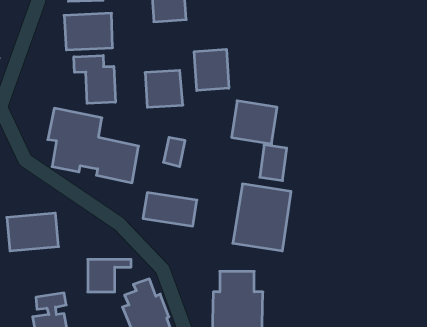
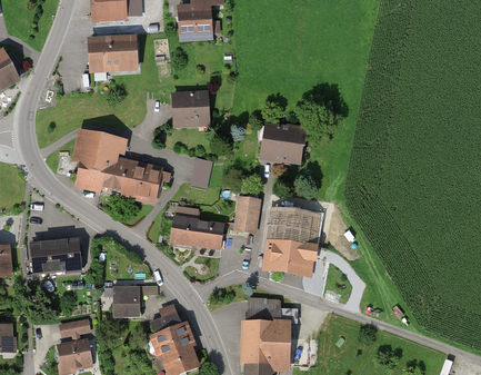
building: [194,49,229,91] -> none
building: [74,55,115,103] -> none
building: [260,145,287,181] -> [233,197,261,234]

